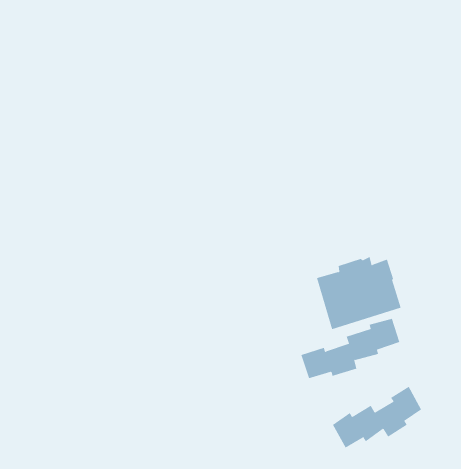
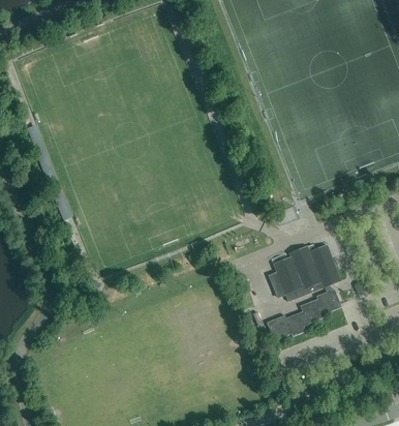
building: [332,386,422,448] -> none

